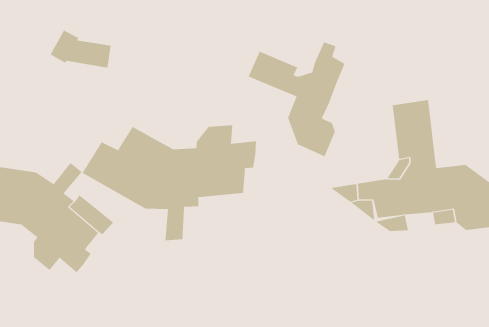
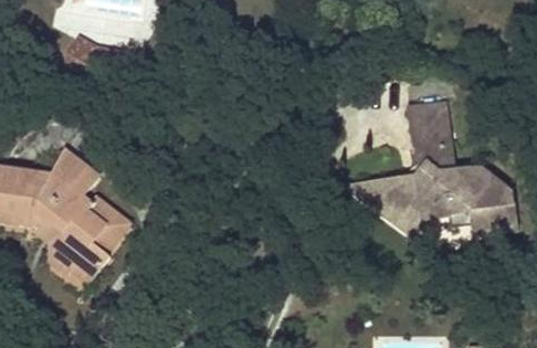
building: [248,41,345,157] -> none
building: [82,125,256,241] -> none

